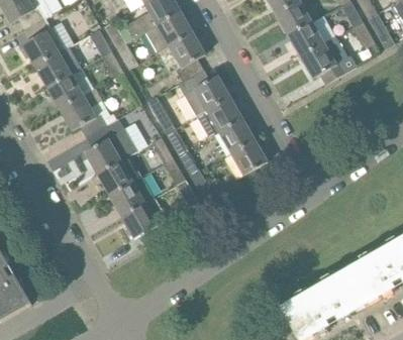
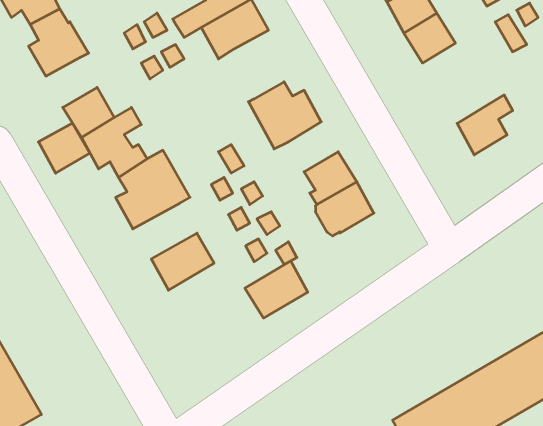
building: [167,31,204,80] -> none
building: [300,34,339,77] -> [457,95,513,155]
building: [33,50,70,86] -> [38,123,90,173]
building: [205,96,240,131] -> none
building: [95,153,140,193] -> none
building: [120,196,165,236] -> [245,261,308,318]

